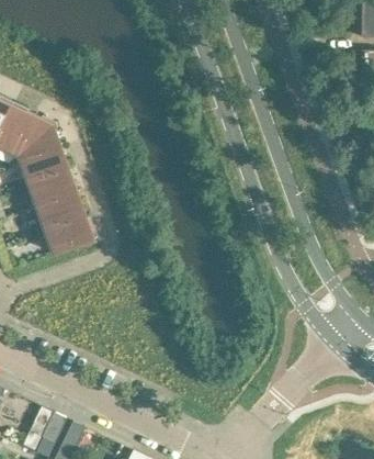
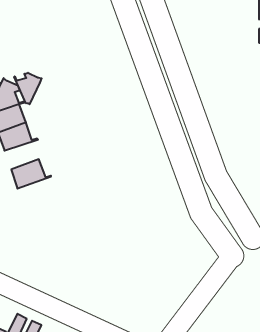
building: none -> [14,73,42,104]
building: [38,193,82,229] -> none

